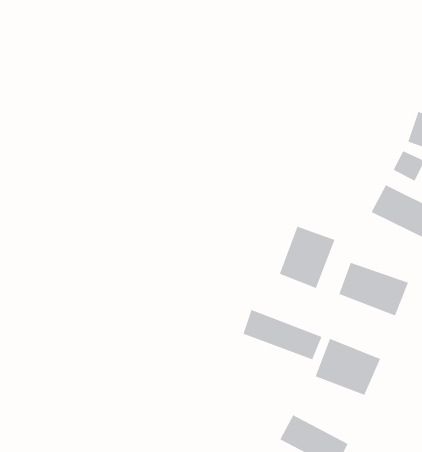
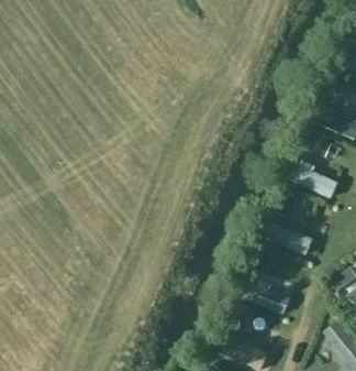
building: [279,226,335,289] -> none
building: [243,309,322,360] -> none

